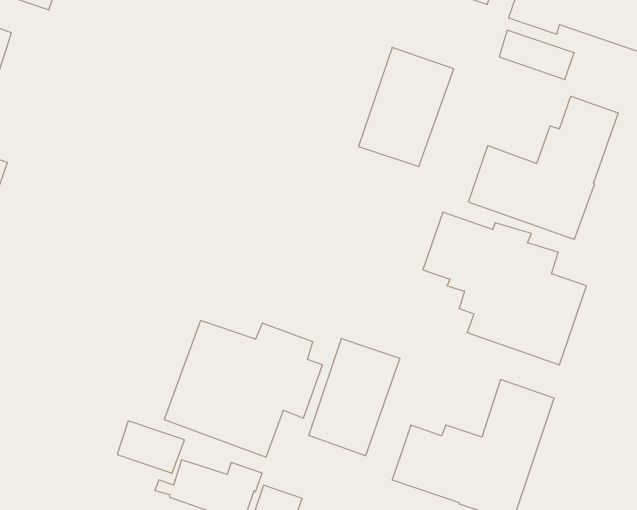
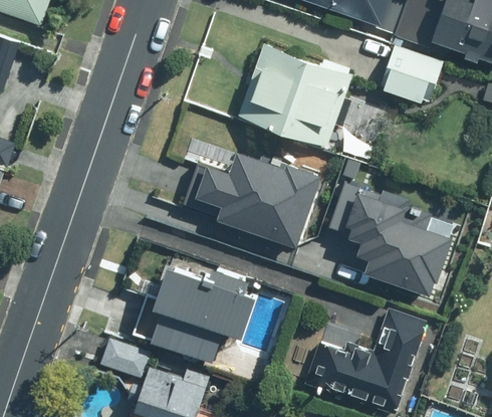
building: none -> [236,43,305,133]
building: [468,96,618,239] -> none
building: none -> [194,150,319,246]
building: [309,338,400,456] -> none

